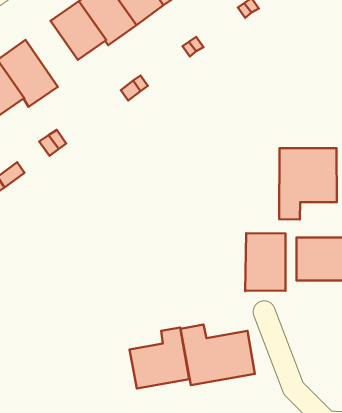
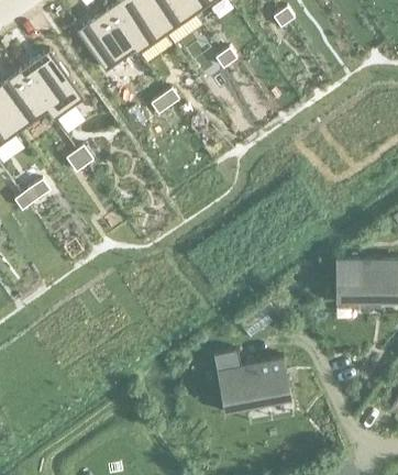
building: [279,148,337,219] -> none
building: [245,233,285,291] -> none
building: [129,328,189,389] -> none

